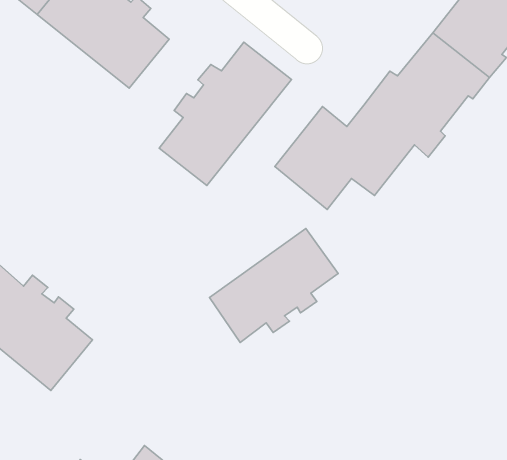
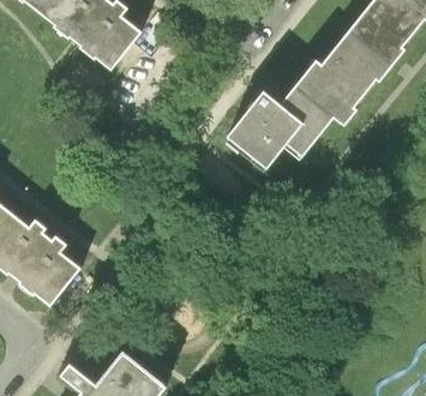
building: [159,42,292,186] -> none
building: [209,229,338,343] -> none

